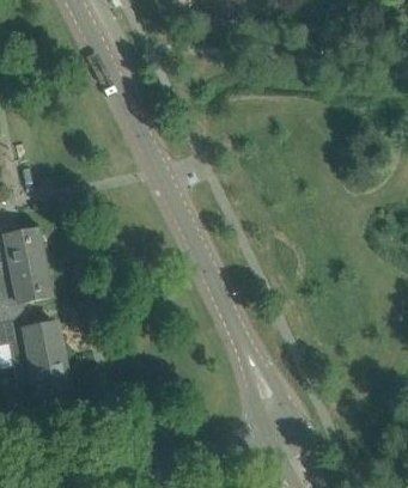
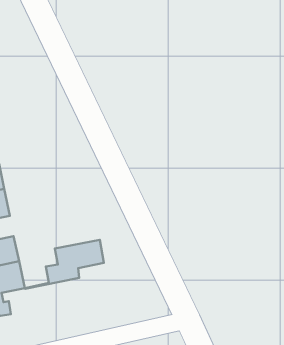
building: none -> [25,240,104,289]

